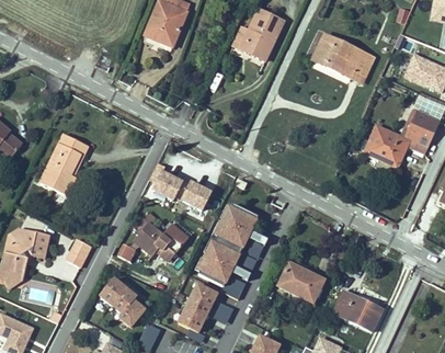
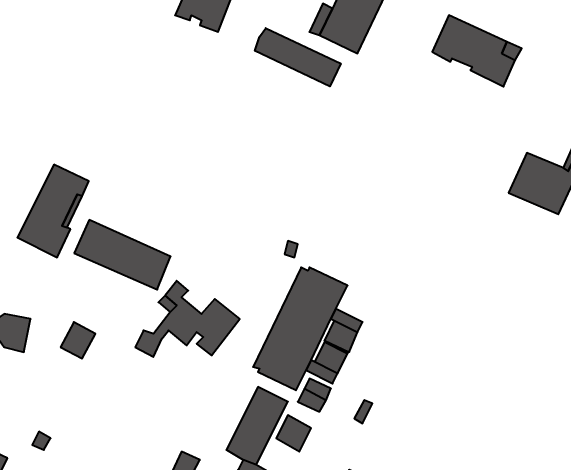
building: none -> [255,28,341,86]
building: [149,163,213,209] -> [74,220,171,290]
building: [277,263,323,303] -> none
building: [100,276,147,327] -> none
building: [333,291,381,331] -> none

